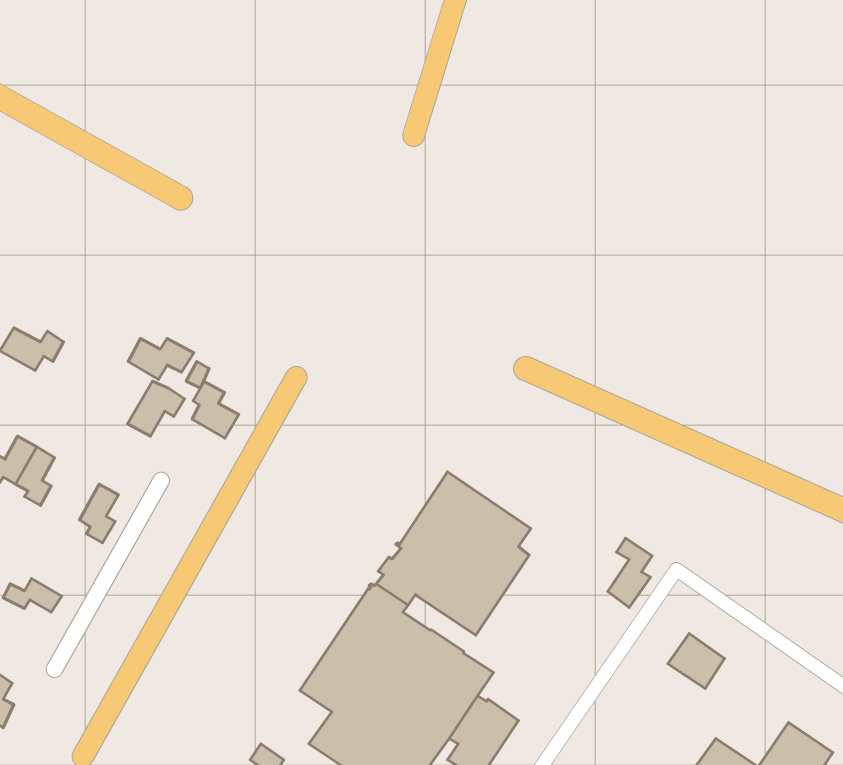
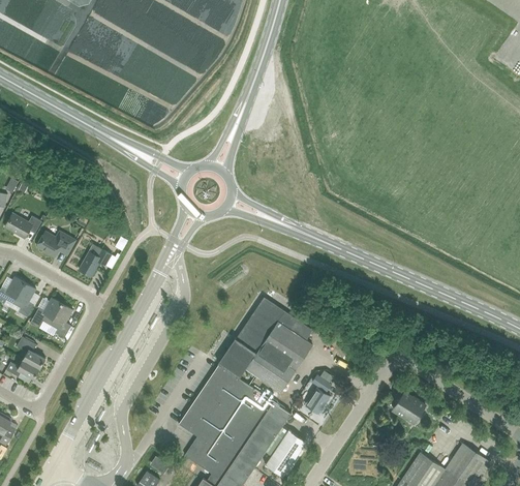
building: [128,339,194,379] -> [36,232,74,255]
building: [192,381,239,438] -> none
building: none -> [29,298,61,328]
building: [608,538,652,607] -> [305,373,331,414]
building: none -> [16,336,44,369]

